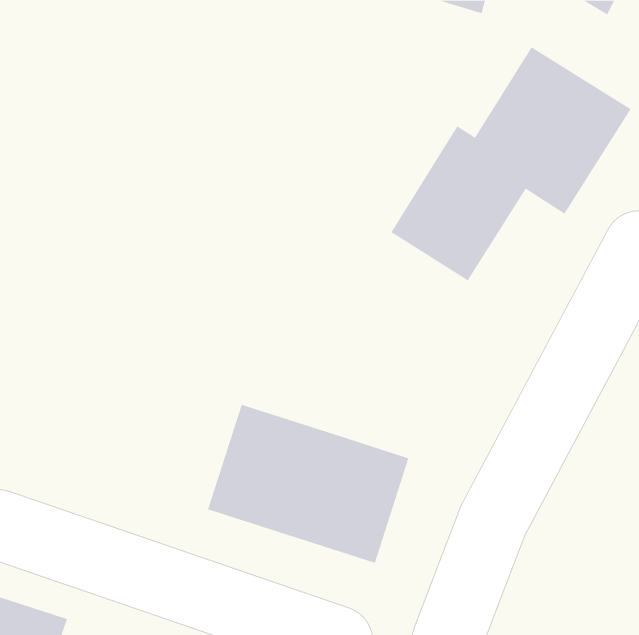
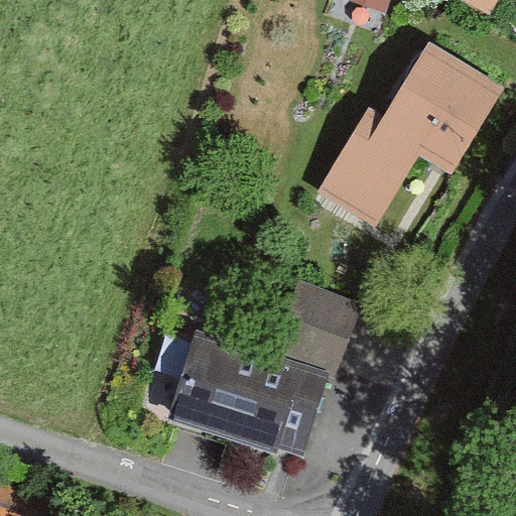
building: none -> [269,283,359,375]

